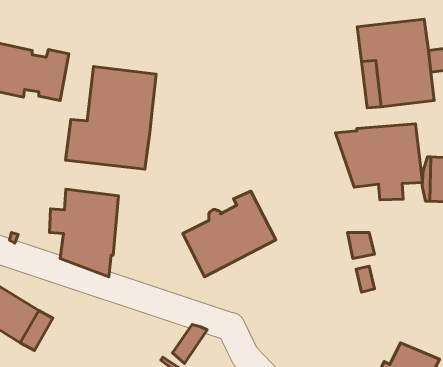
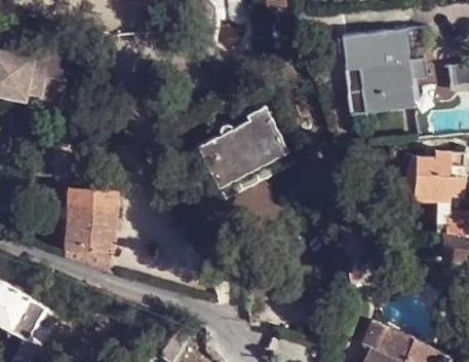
building: [66,66,156,169] -> none
building: [336,124,422,200] -> none
building: [183,191,276,277] -> [198,108,286,189]

